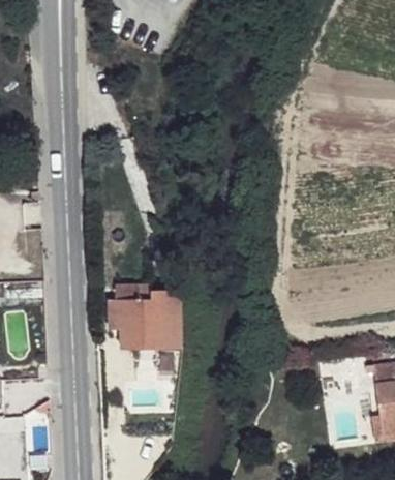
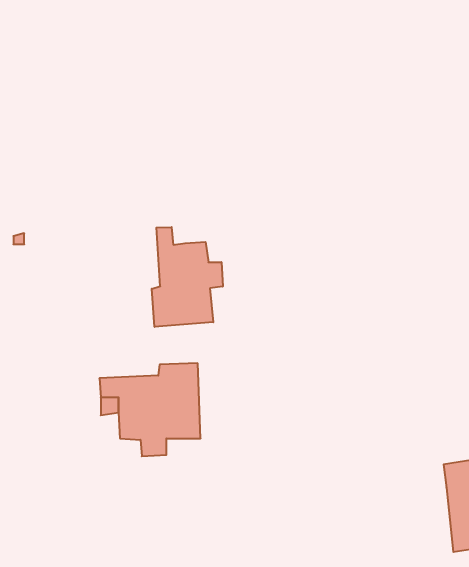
building: none -> [152,227,223,327]

